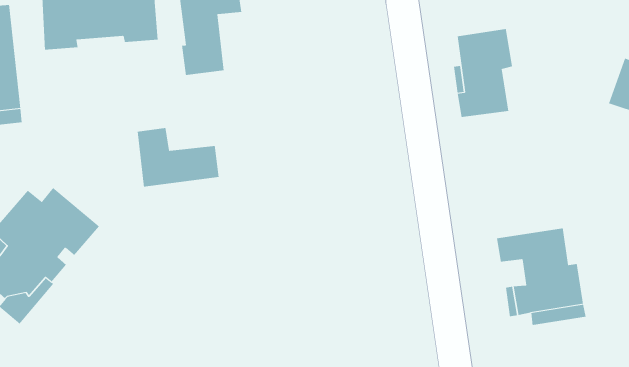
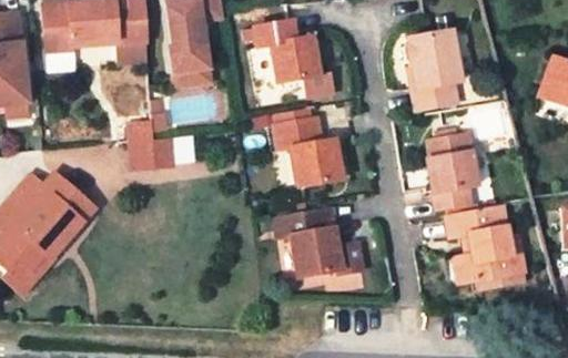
building: none -> [255,23,318,82]
building: none -> [276,119,339,186]
building: none -> [425,136,475,211]
building: none -> [275,209,363,276]

